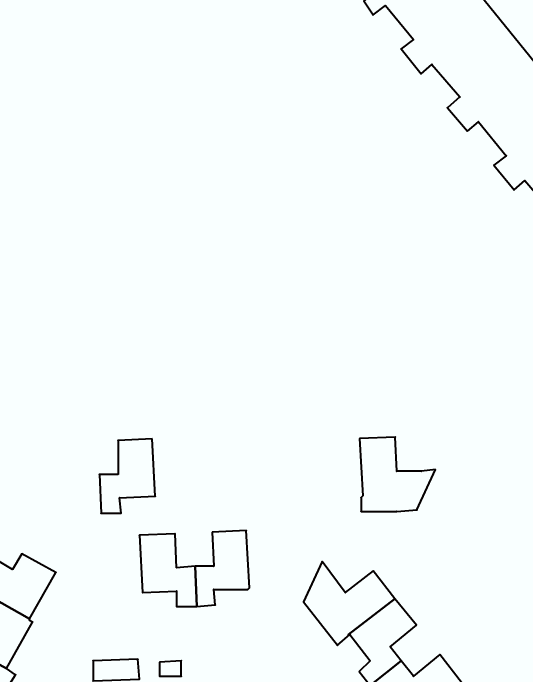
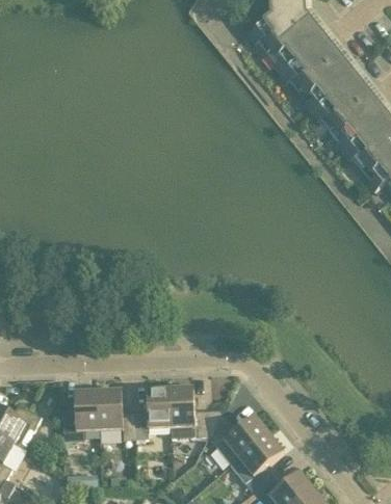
building: [360,437,435,511] -> [168,386,219,435]
building: [99,439,155,513] -> [61,390,99,440]

